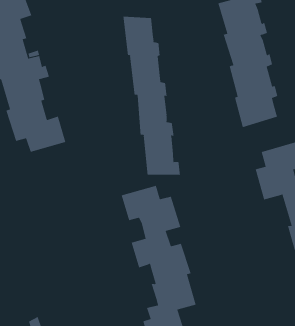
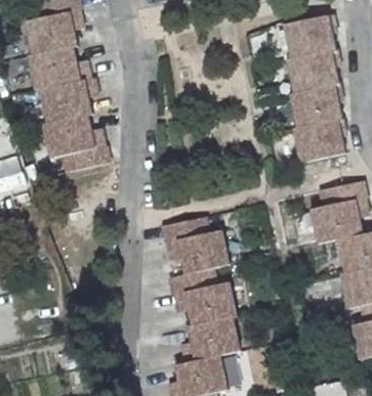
building: [123,16,181,175] -> none

